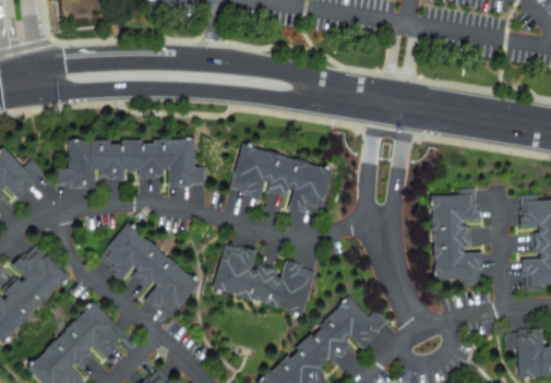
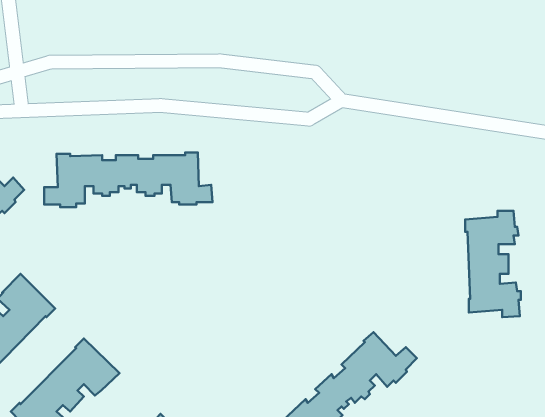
building: [231,145,332,213] -> none
building: [100,225,199,316] -> none
building: [214,247,314,315] -> none

